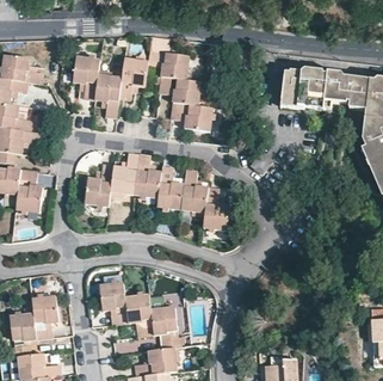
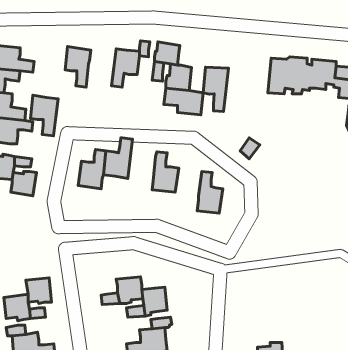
building: [94,74,123,116] -> [30,95,58,136]
building: none -> [203,67,228,112]
building: [137,152,166,195] -> none
building: [186,167,214,210] -> none
building: [99,281,126,309] -> none

